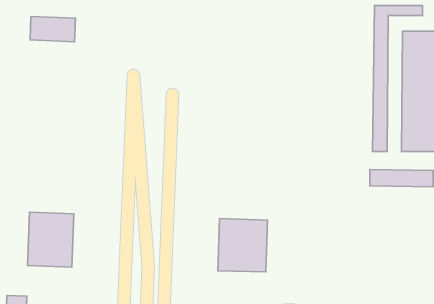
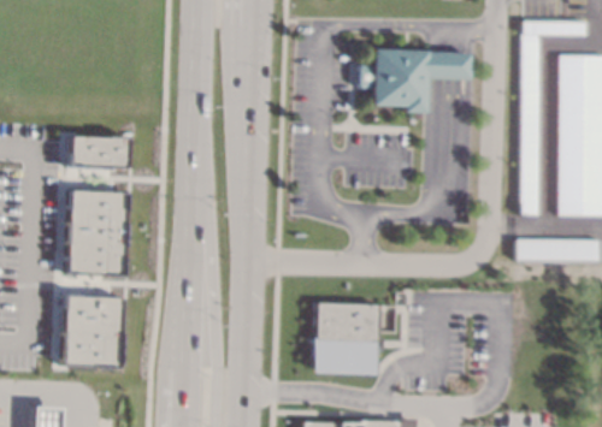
building: [30,16,75,42] -> [67,135,128,168]
building: none -> [361,49,471,111]
building: none -> [64,189,126,275]

